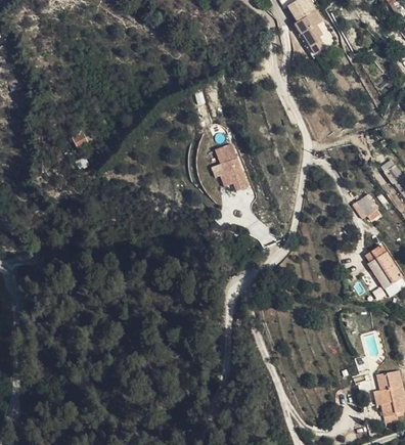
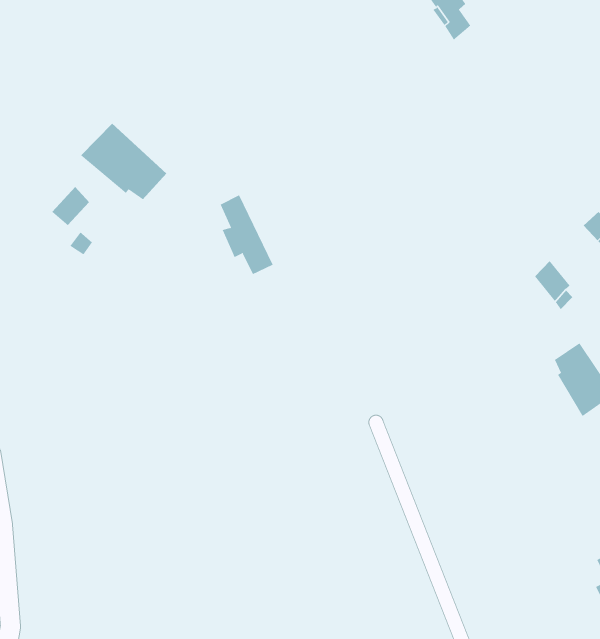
building: none -> [80,123,167,200]
building: [221,147,251,196] -> [220,195,274,275]

